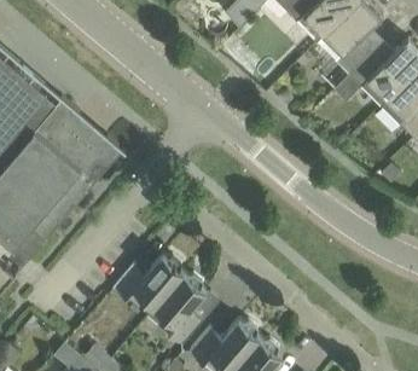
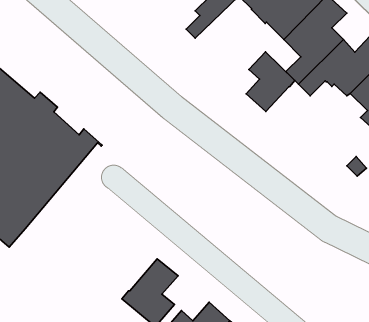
building: none -> [246,52,295,112]
building: [114,254,185,307] -> none

